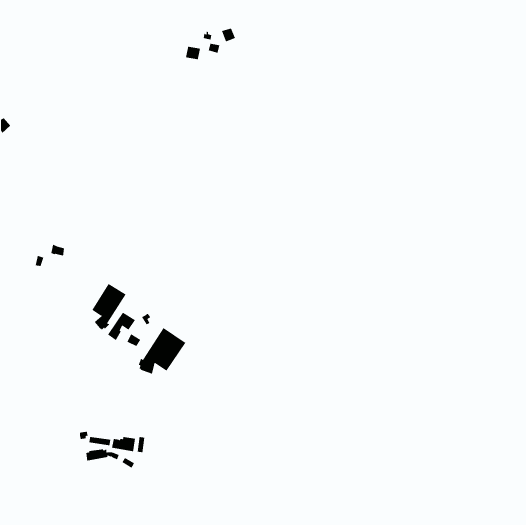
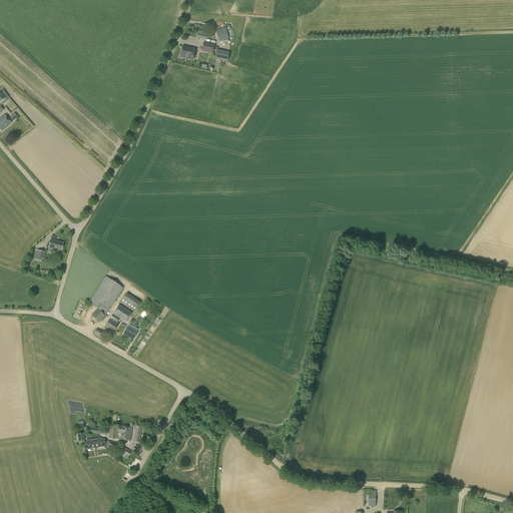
building: [138,327,186,374] -> none

